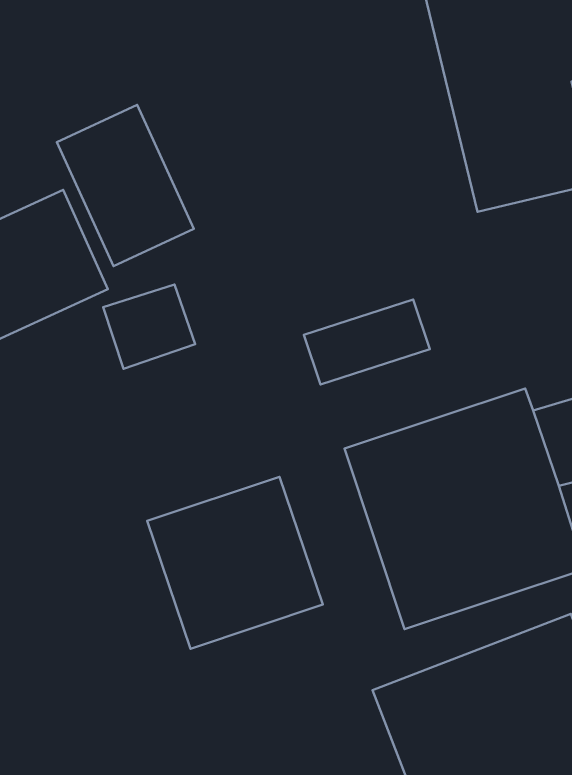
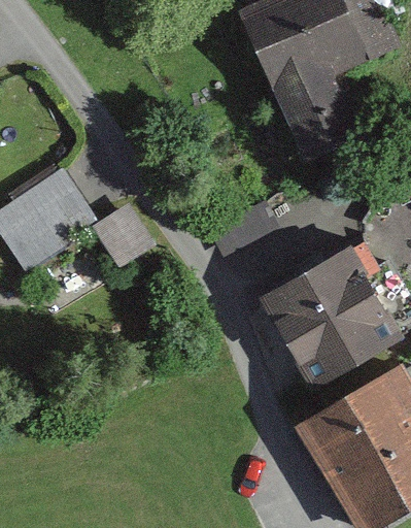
building: [57,105,194,266] -> none
building: [147,477,323,649] -> none

